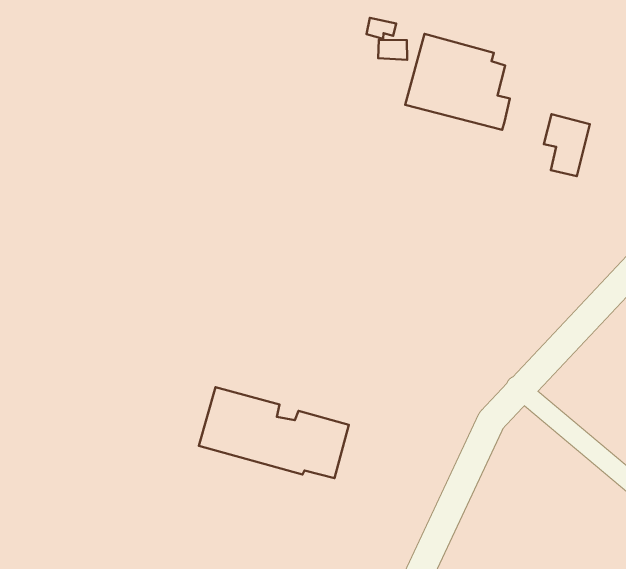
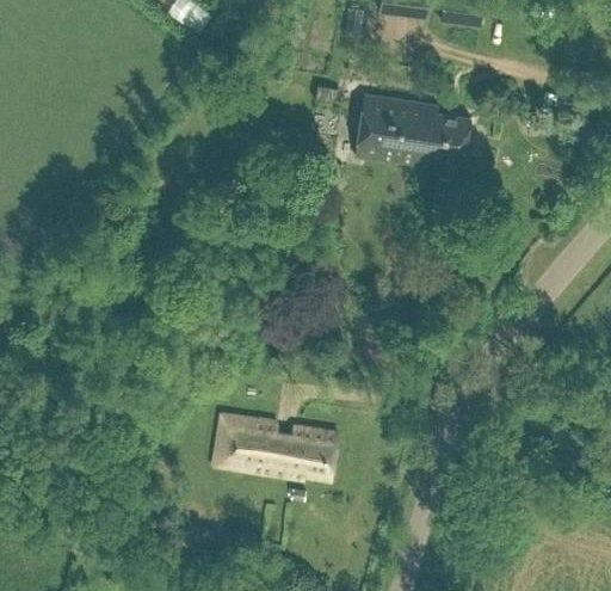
building: [544,114,590,176] -> [432,111,469,161]

